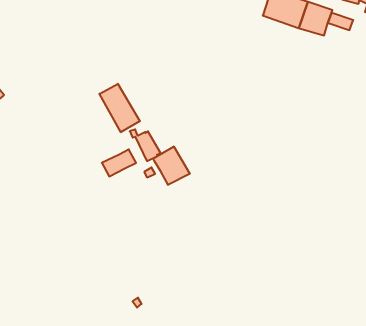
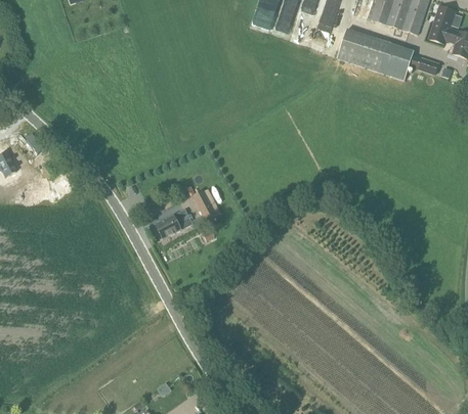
building: [99,84,140,132] -> none
building: [153,146,190,185] -> none

